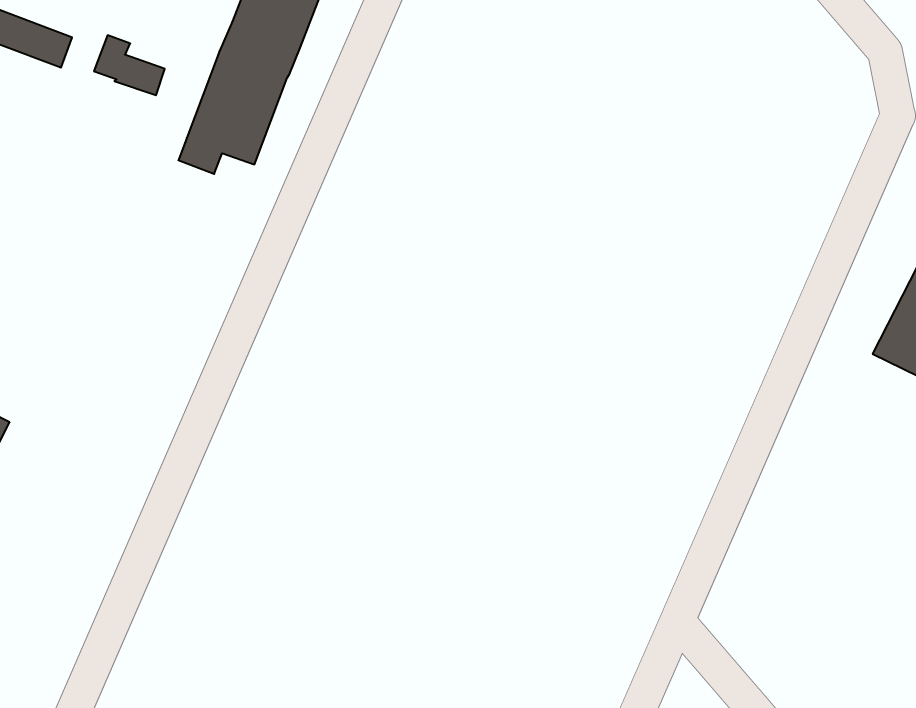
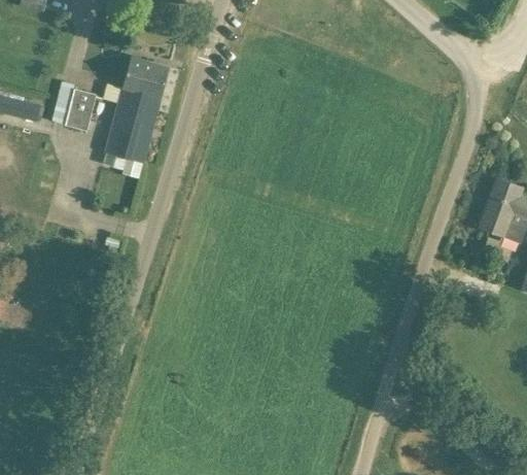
building: none -> [69,88,97,115]

